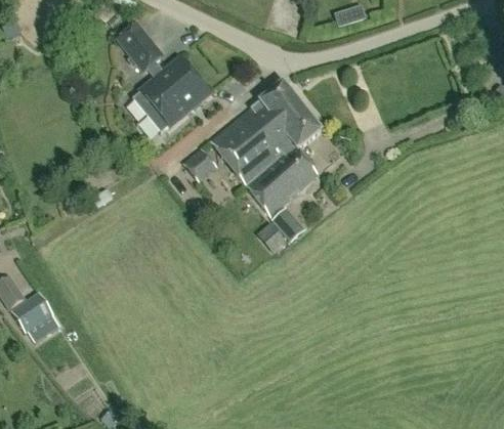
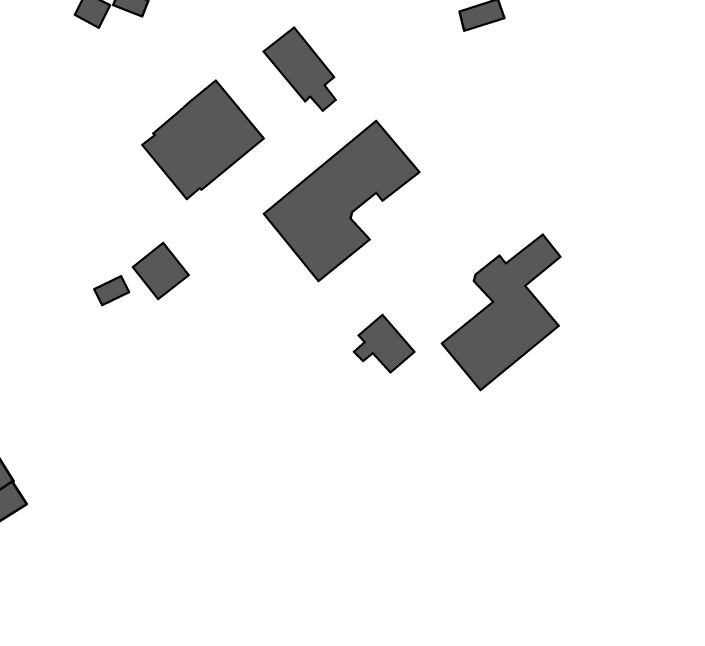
building: [118,23,164,76] -> [264,28,336,111]
building: [246,114,322,213] -> [442,235,560,390]
building: [183,145,219,181] -> [133,243,189,299]

